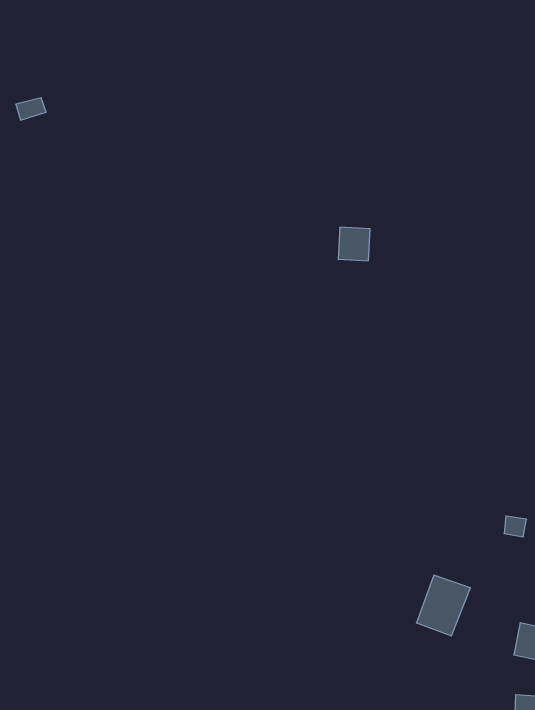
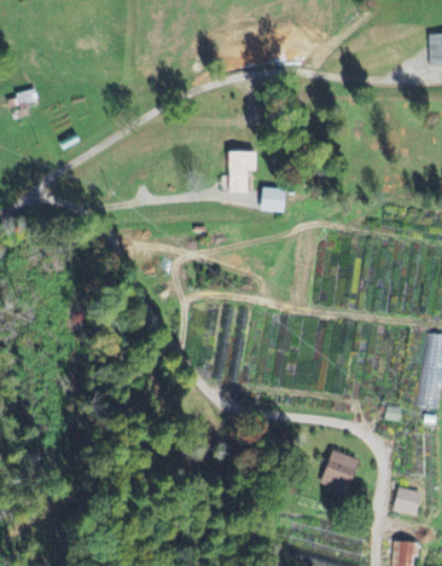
building: none -> [227,150,255,192]

